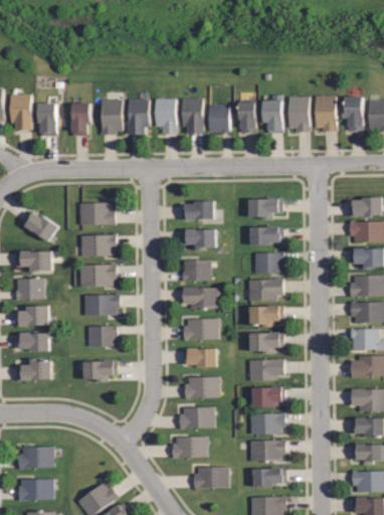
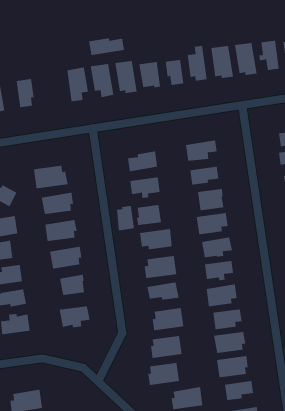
building: none -> [89,37,125,56]
building: [102,100,123,136] -> none
building: none -> [116,205,134,231]

